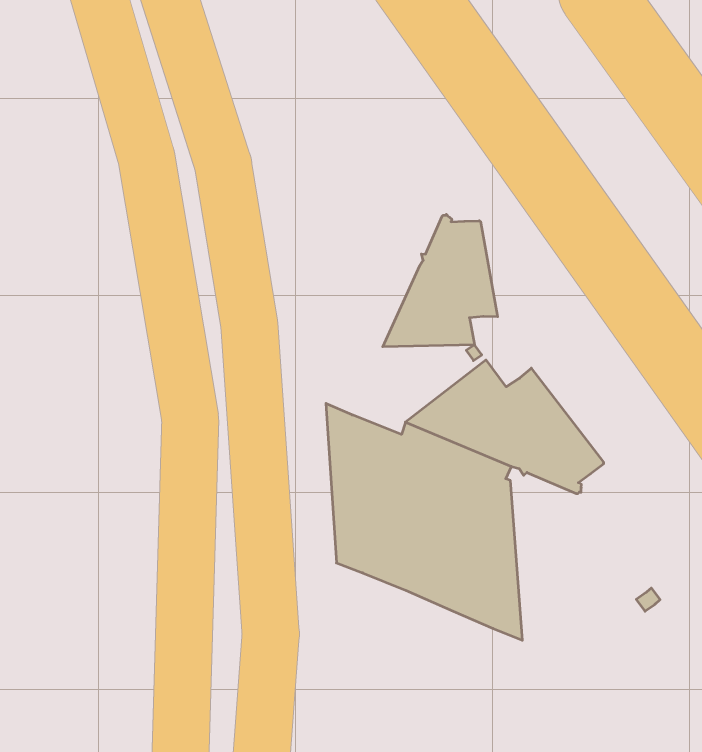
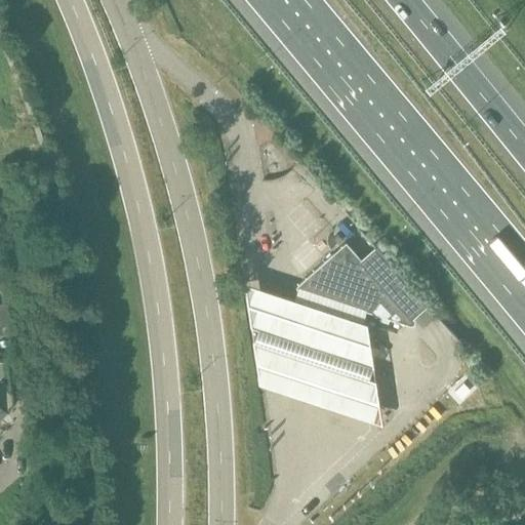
building: [383,214,498,347] -> none

